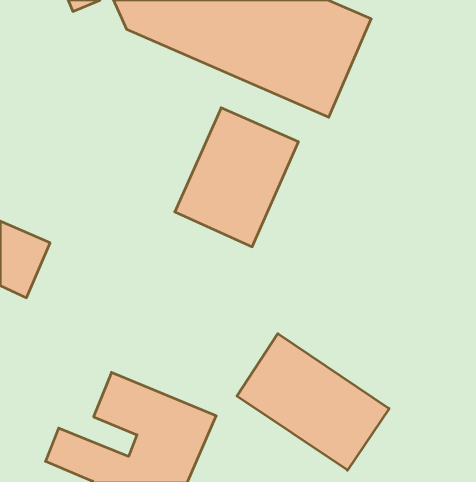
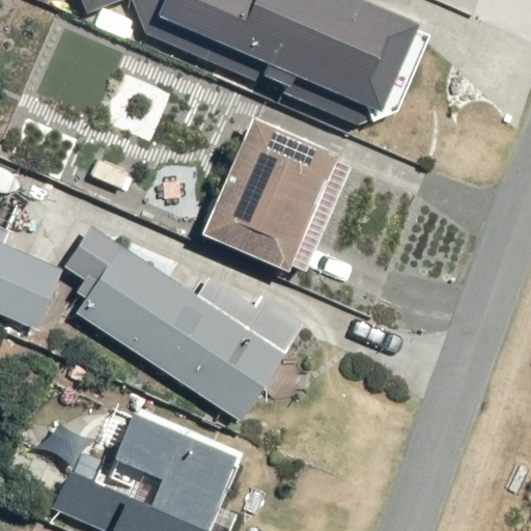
building: none -> [64,223,305,420]
building: [237,334,389,470] -> none

